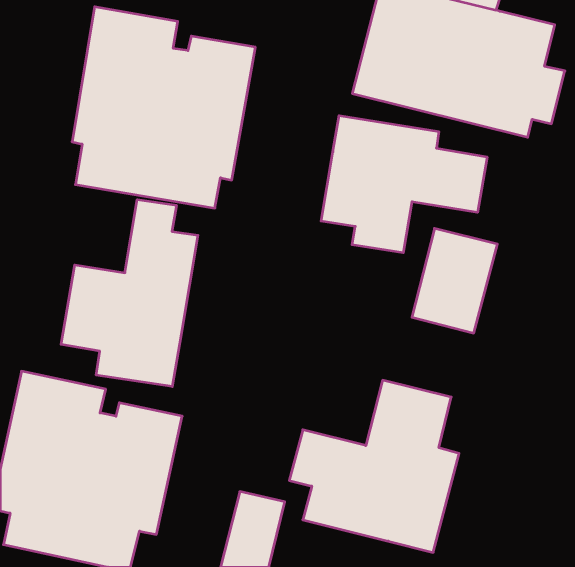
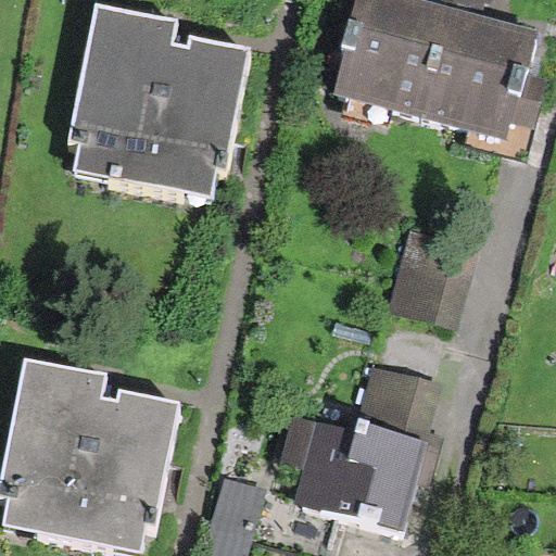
building: [321,116,487,253] -> none
building: [61,200,198,387] -> none

